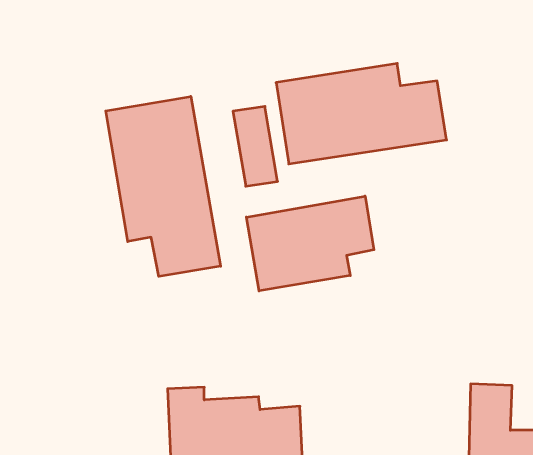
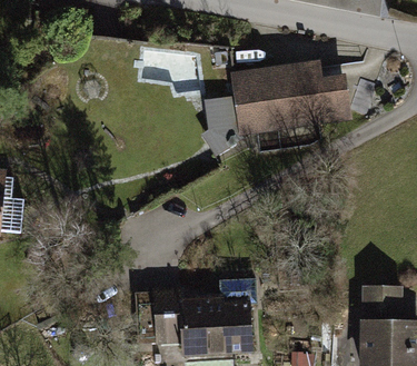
building: [106,96,221,276] -> none
building: [246,196,374,291] -> none

